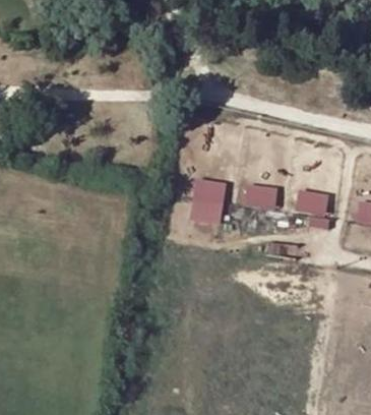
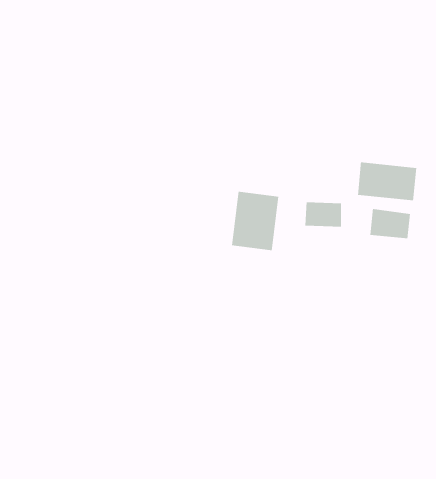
building: none -> [357,162,417,201]

